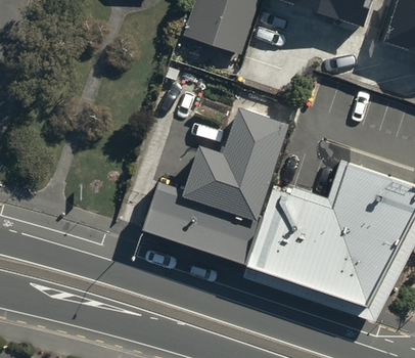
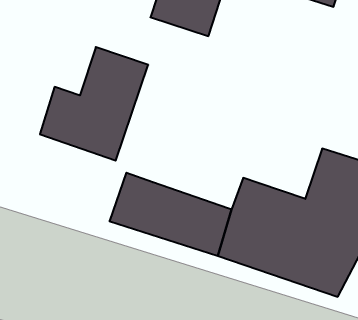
building: [185,113,290,223] -> [40,47,148,161]

